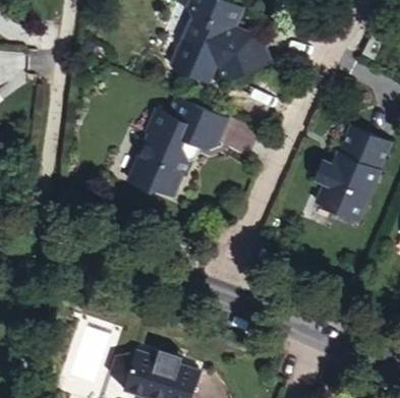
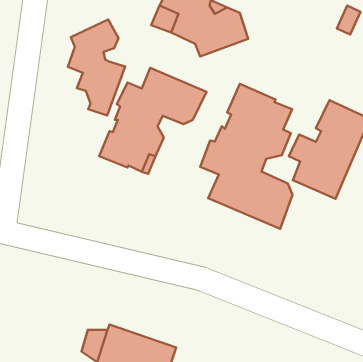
building: none -> [68,19,125,116]
building: none -> [200,84,293,229]

